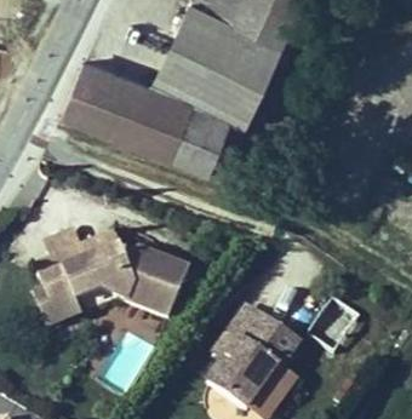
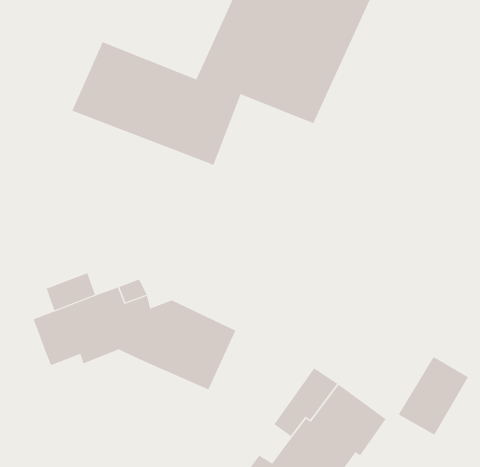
building: [170,98,233,167] -> none
building: [30,289,116,327] -> none

